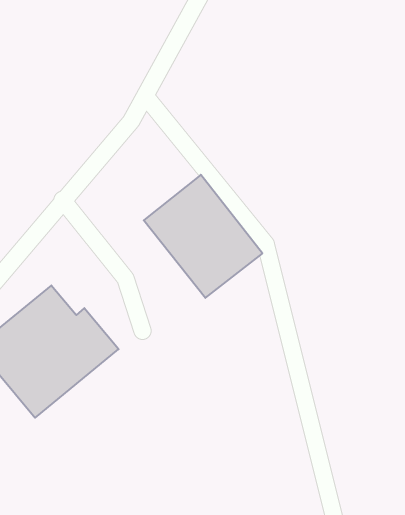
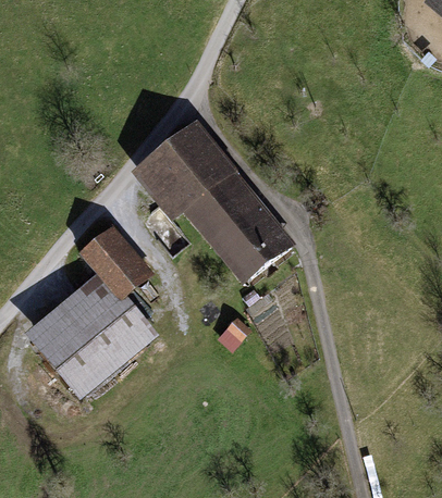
building: none -> [131,119,237,222]
building: none -> [77,224,155,302]

